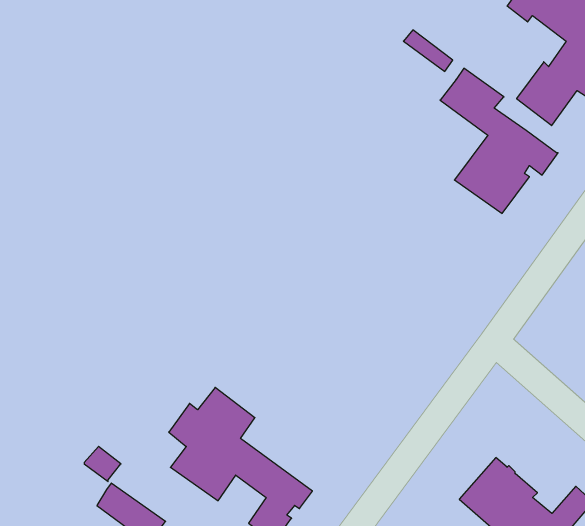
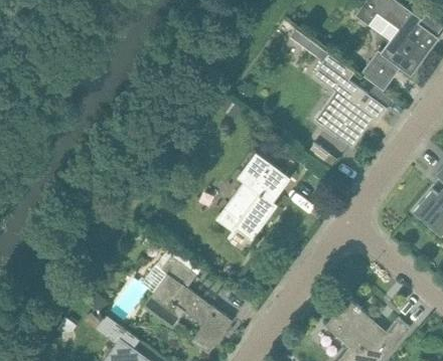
building: none -> [216,152,290,239]

